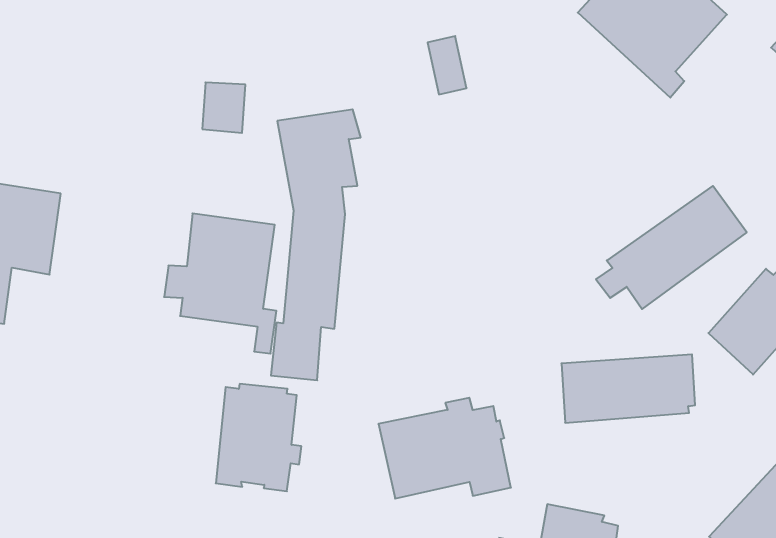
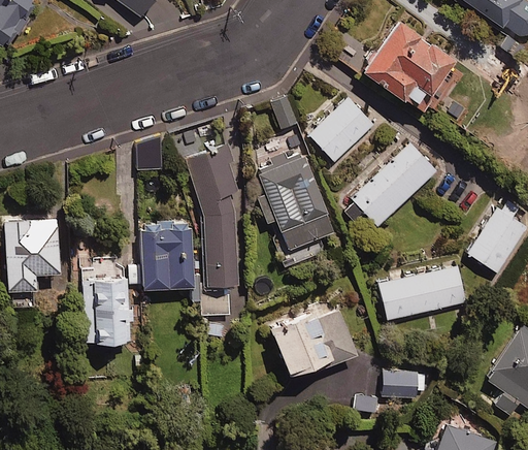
building: none -> [310,98,373,160]
building: none -> [258,153,333,264]
building: [596,186,747,309] -> [346,142,435,224]
building: [216,384,301,491] -> [82,274,134,338]

